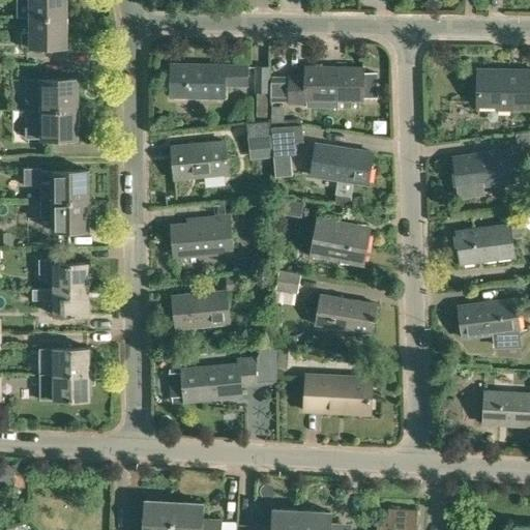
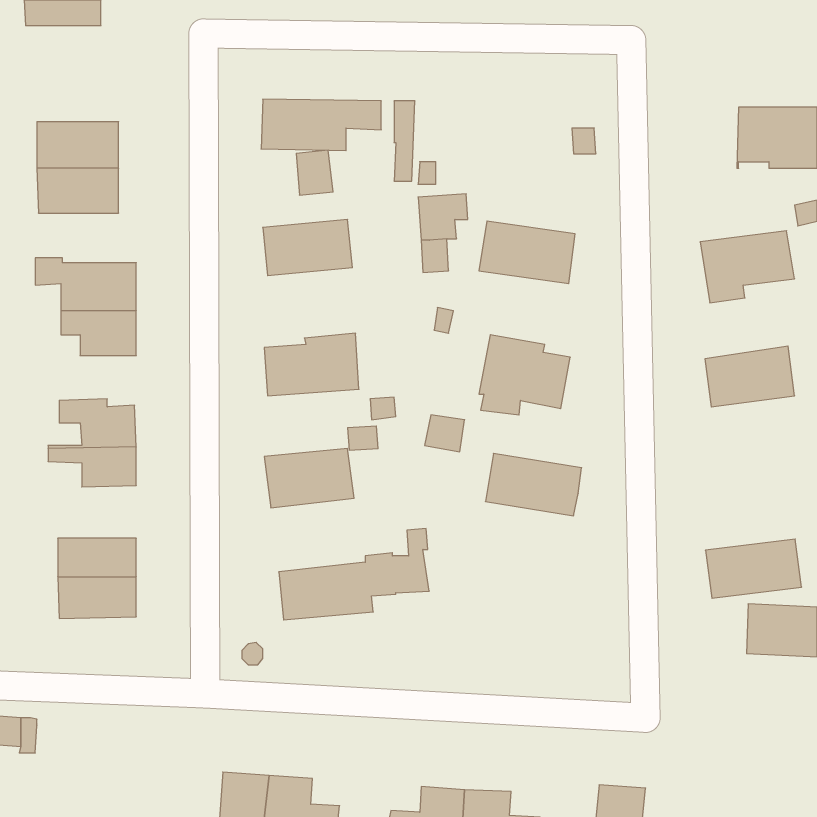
building: [21,18,65,48] -> none
building: [288,67,362,105] -> none
building: [246,120,270,149] -> [296,150,333,195]
building: [457,299,519,337] -> [705,539,802,598]
building: [303,376,369,415] -> none

